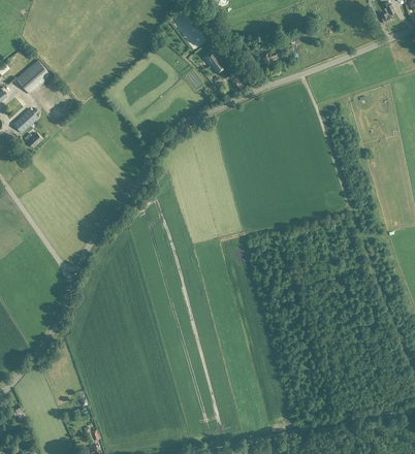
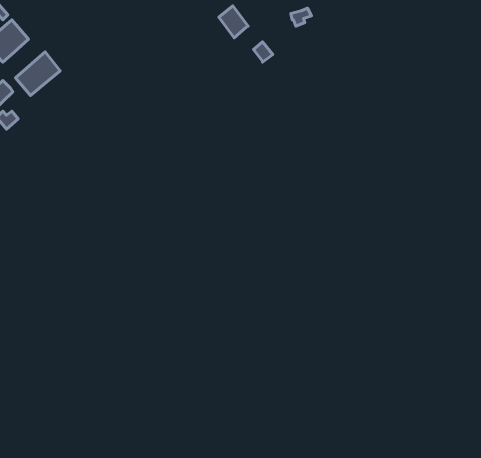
building: none -> [15,52,60,96]

